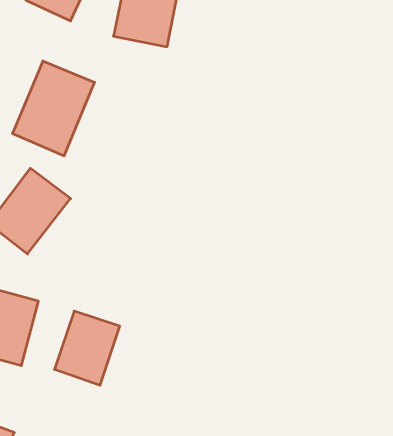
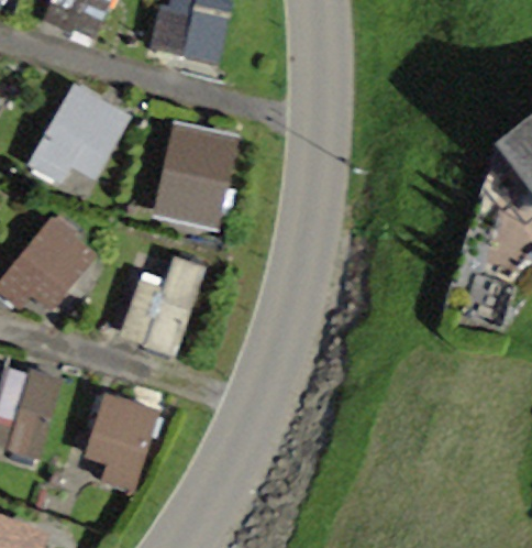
building: none -> [155,123,235,227]
building: none -> [125,251,203,355]

